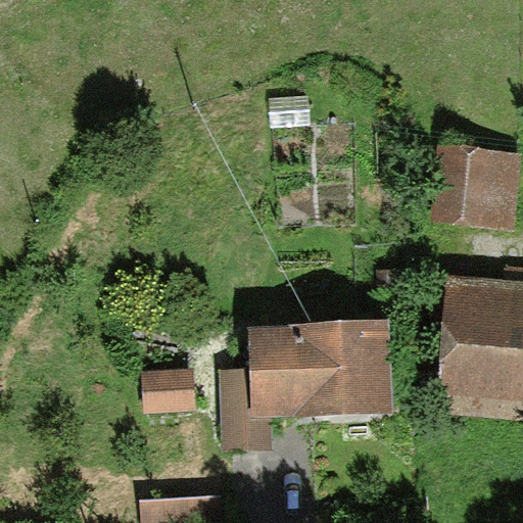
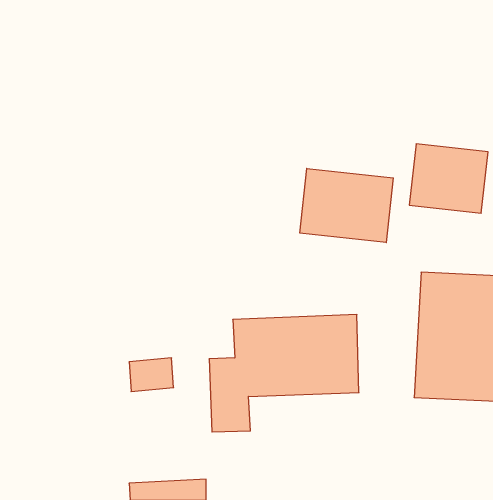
building: none -> [300,168,393,243]

